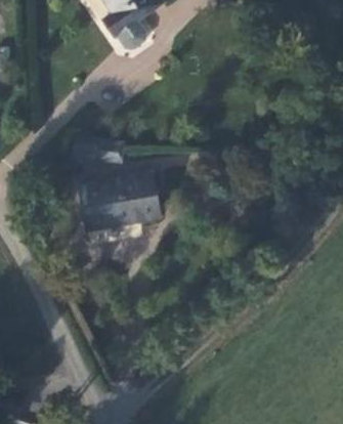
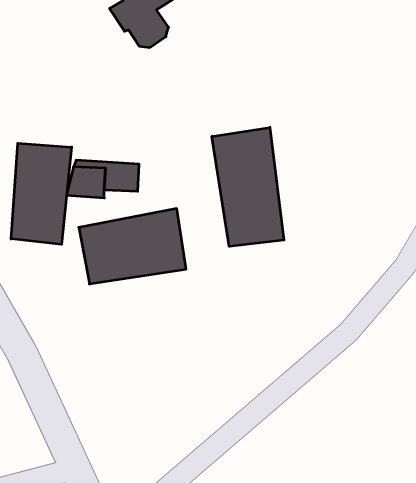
building: none -> [212,127,284,246]
building: none -> [11,143,72,244]

